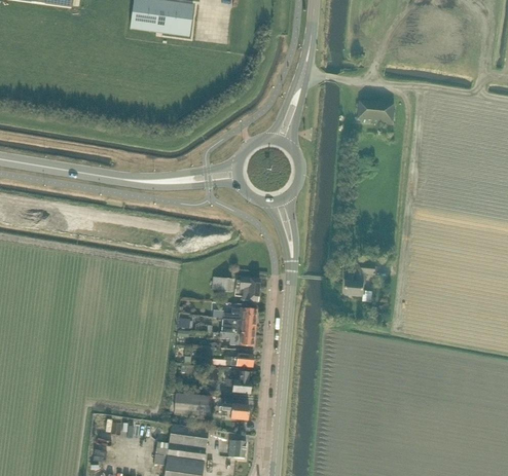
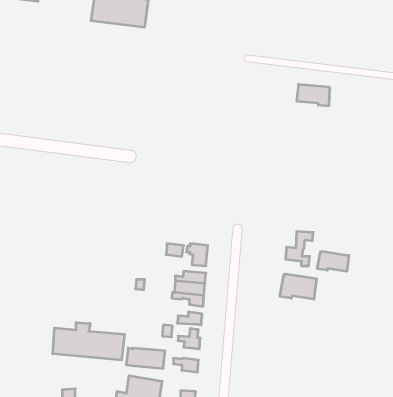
building: none -> [317,251,349,271]
building: none -> [280,274,317,299]
building: none -> [53,322,124,360]

